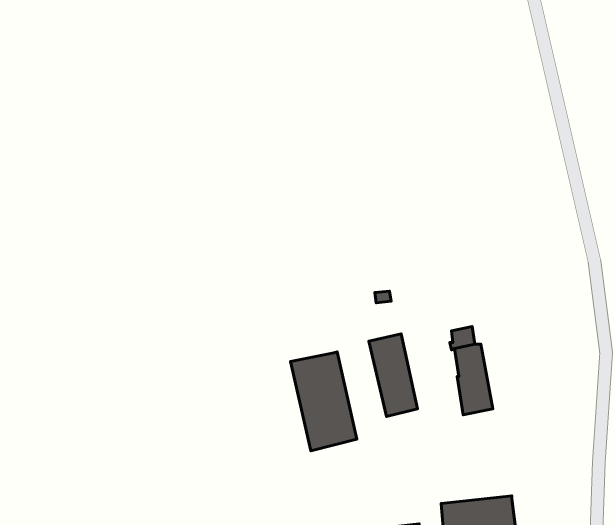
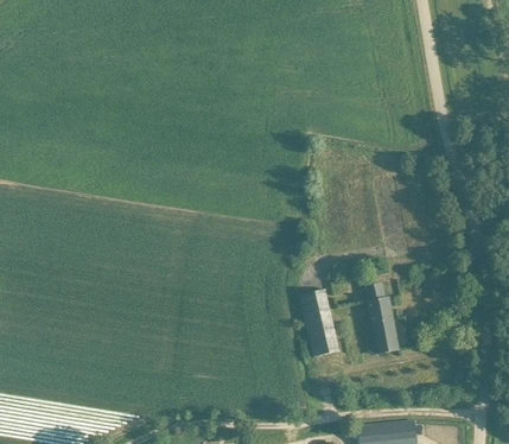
building: [290,352,357,451] -> none

